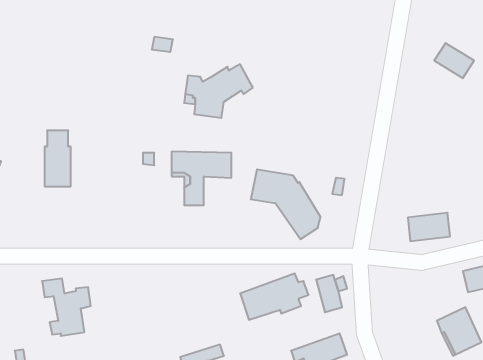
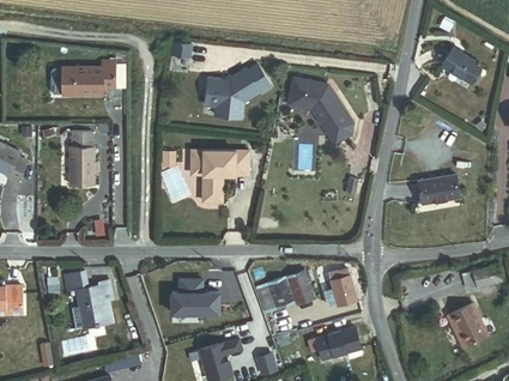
building: none -> [61,61,114,95]
building: [251,169,320,239] -> [285,77,352,144]
building: [408,213,450,241] -> [419,174,460,201]
building: none -> [170,279,218,313]

